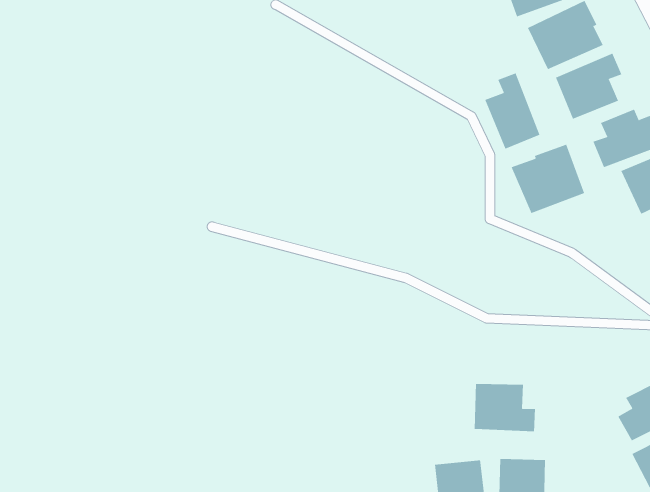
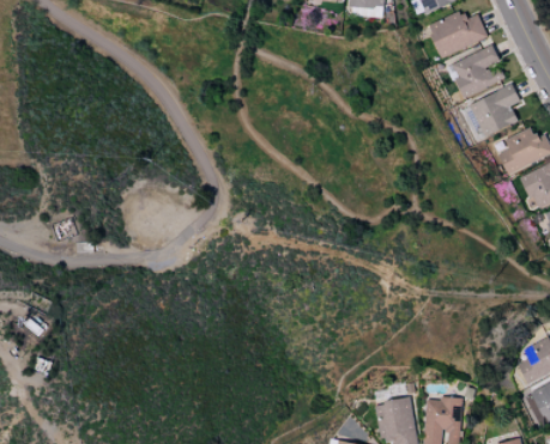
building: [485,72,540,149] -> none
building: [511,144,585,214] -> none
building: [474,383,535,432] -> none

